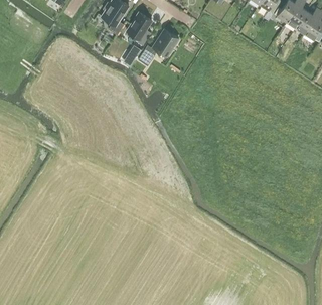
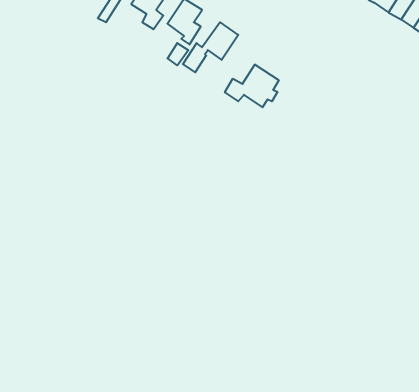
building: none -> [225,64,279,107]

